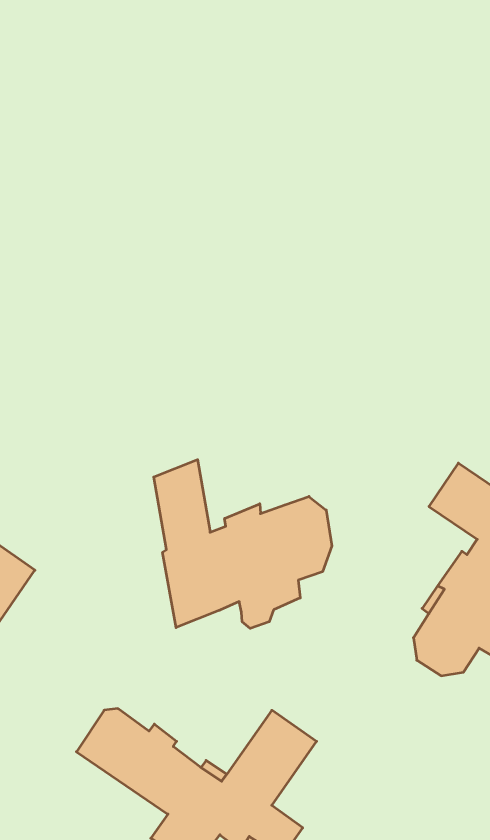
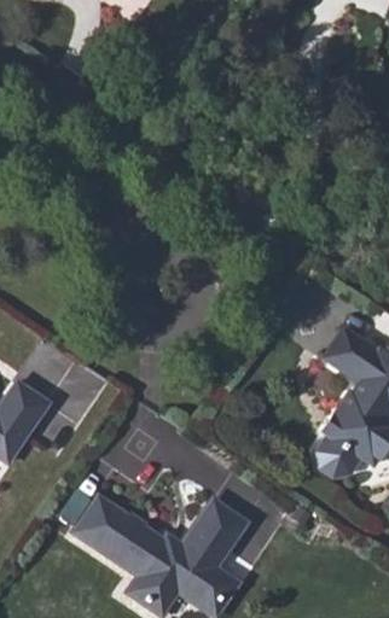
building: [154,460,332,628] -> none

